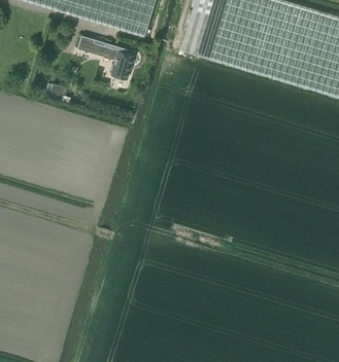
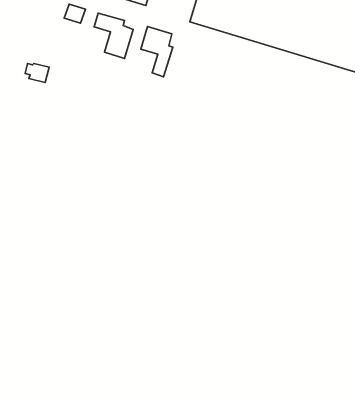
building: none -> [141,27,173,77]

